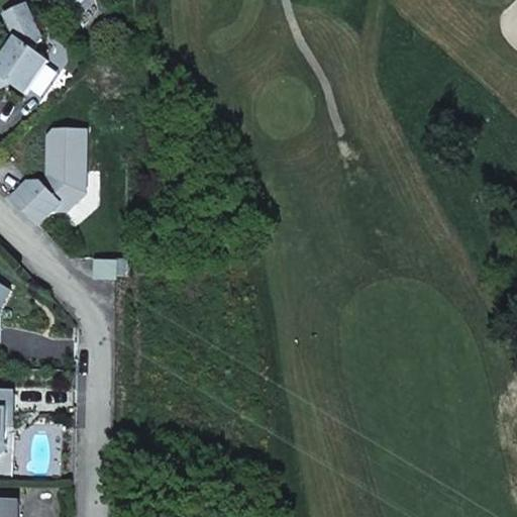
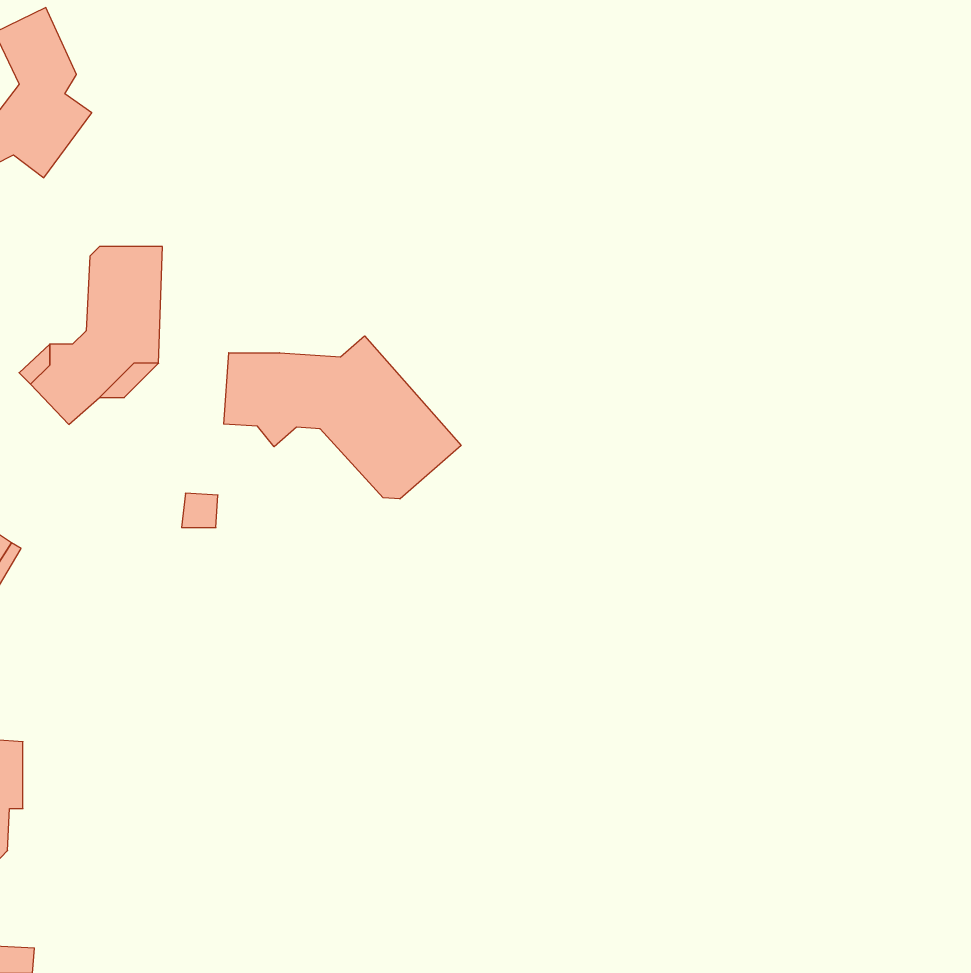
building: none -> [224,336,461,499]

